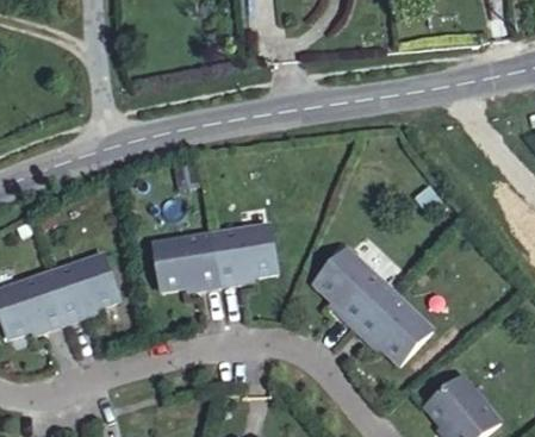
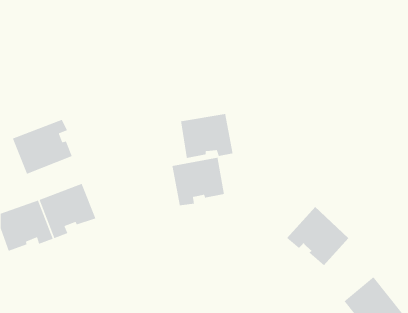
building: none -> [12,119,73,175]
building: [155,235,220,291] -> [180,113,234,159]
building: [313,246,387,324] -> none

